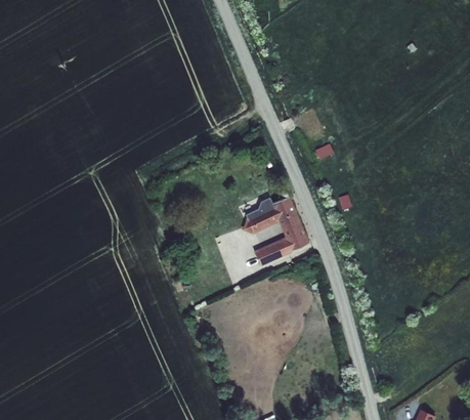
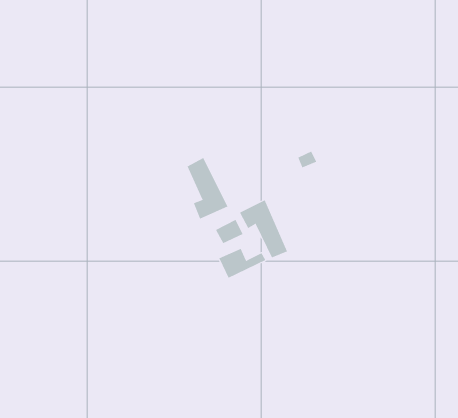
building: none -> [187,157,228,219]

